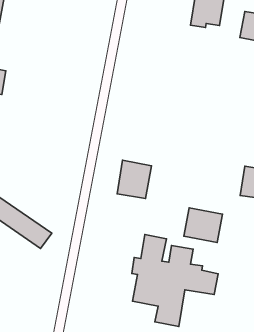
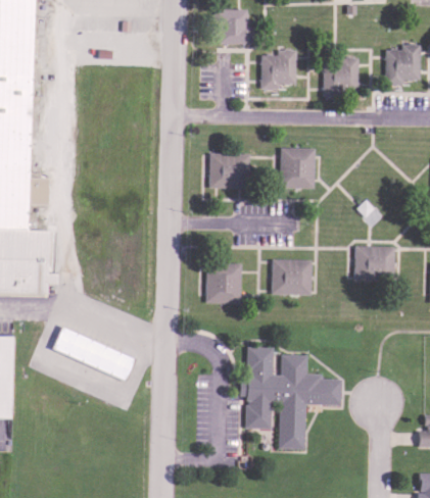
building: none -> [208,152,250,188]
building: none -> [279,146,315,187]
building: [184,208,223,242] -> [271,258,313,294]

